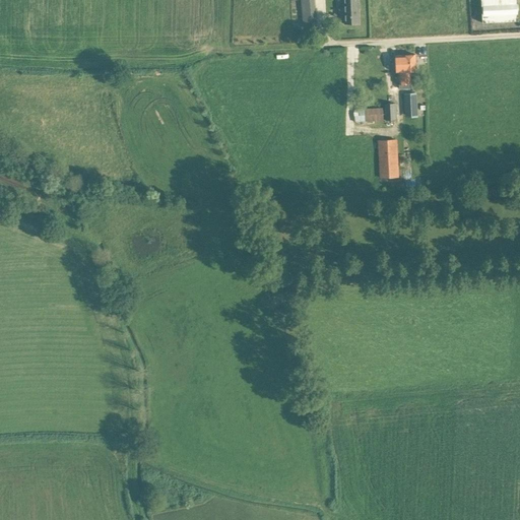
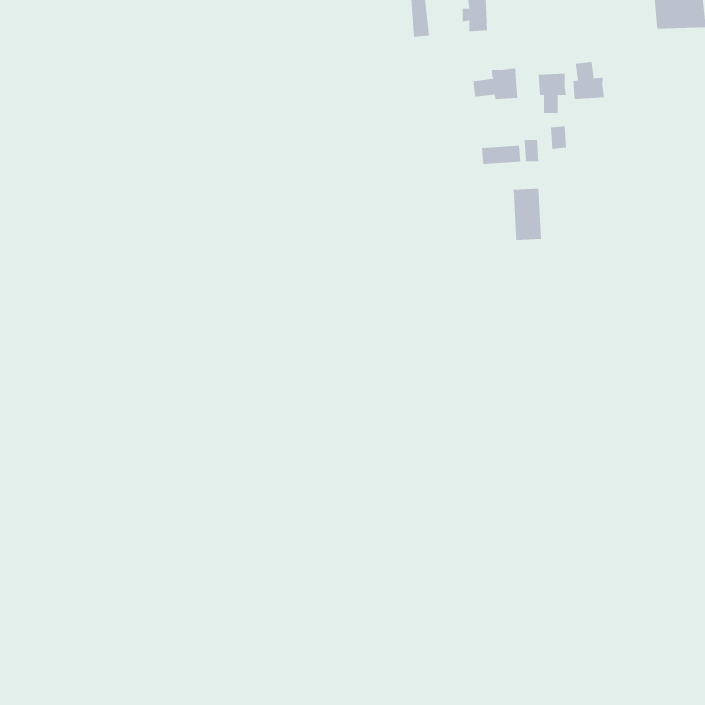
building: none -> [573,61,604,100]
building: none -> [473,68,518,100]

